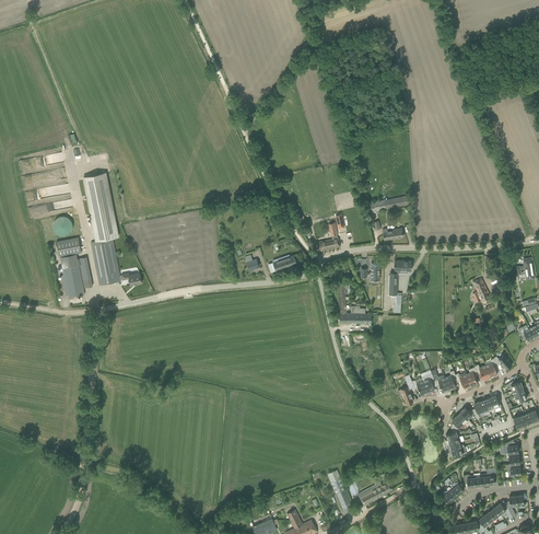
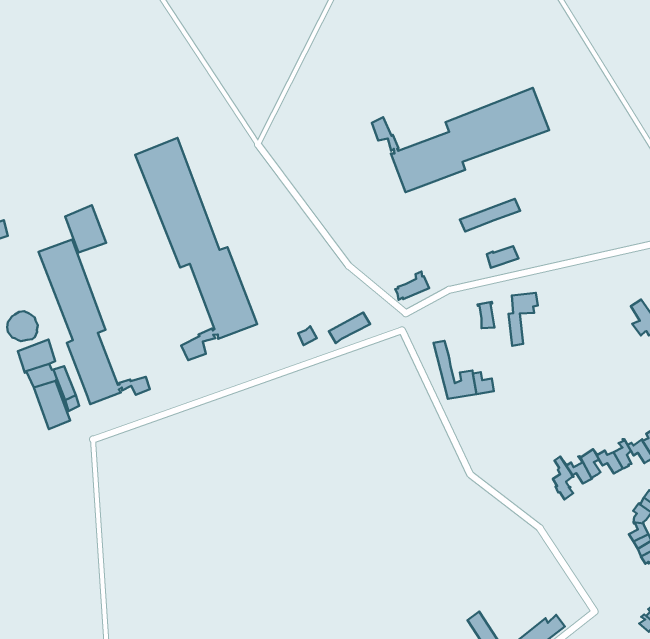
building: none -> [135,138,257,360]
building: none -> [372,88,549,192]
building: none -> [65,205,106,253]

